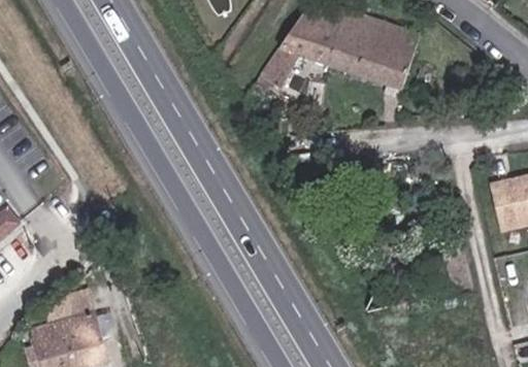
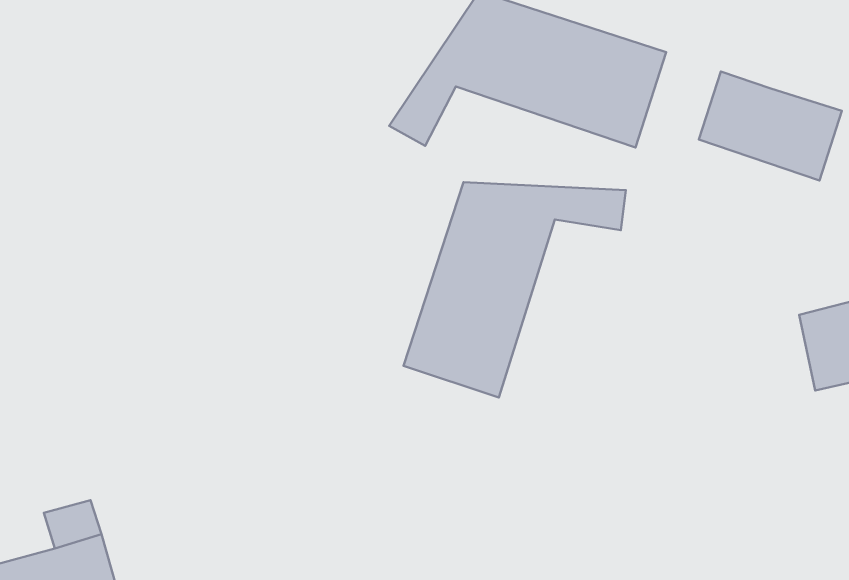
building: none -> [699,72,842,181]
building: none -> [403,182,626,398]

